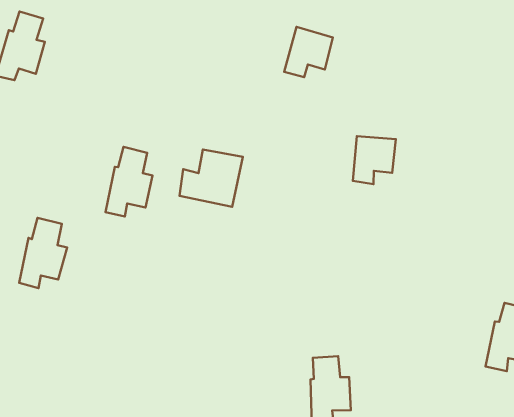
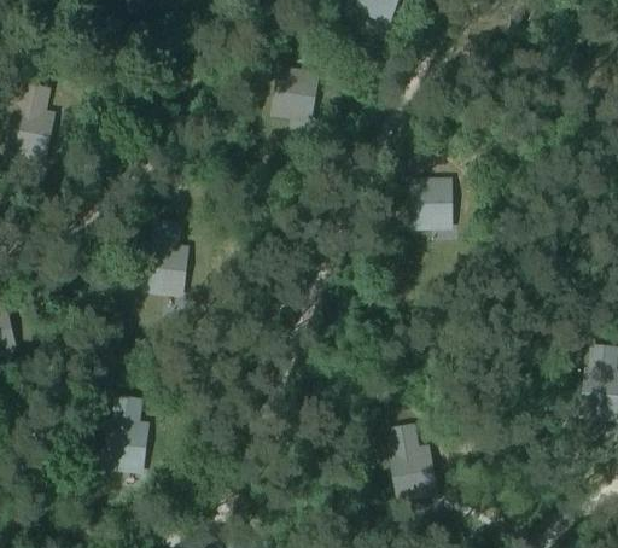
building: [284,27,333,77] -> [272,68,321,122]
building: [180,150,243,207] -> none
building: [19,218,67,288] -> [104,396,152,473]

